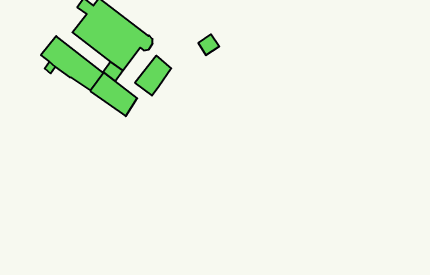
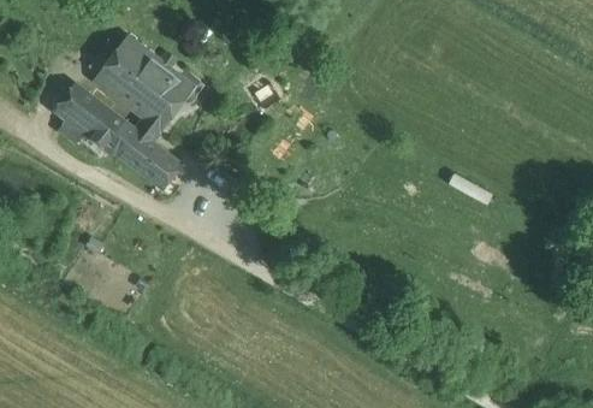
building: [135,56,171,96] -> none

